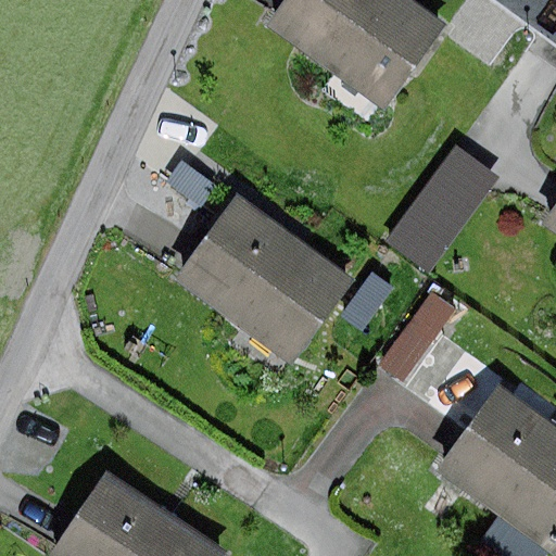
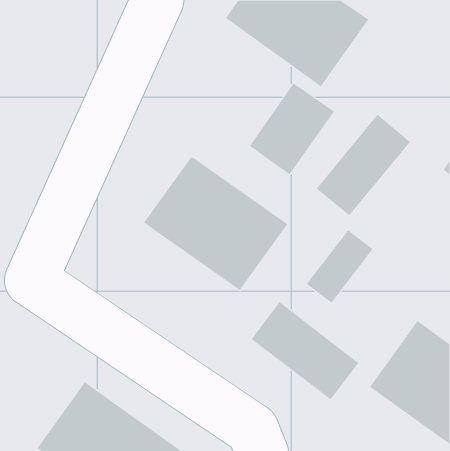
building: none -> [249,82,335,175]
building: none -> [251,301,359,400]

